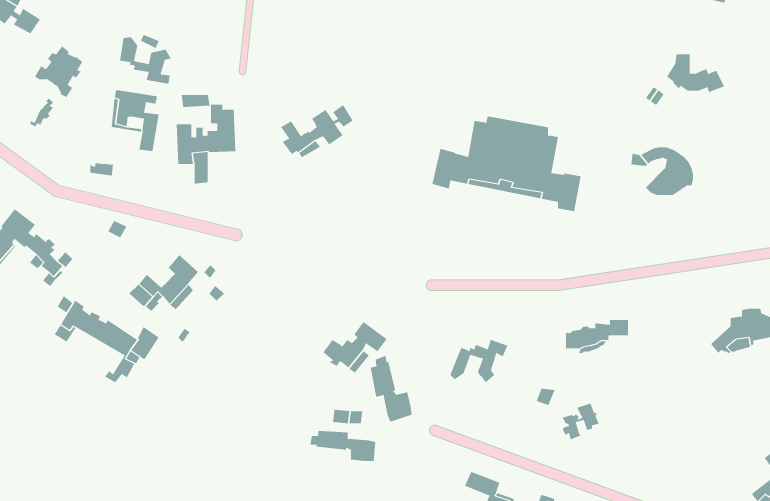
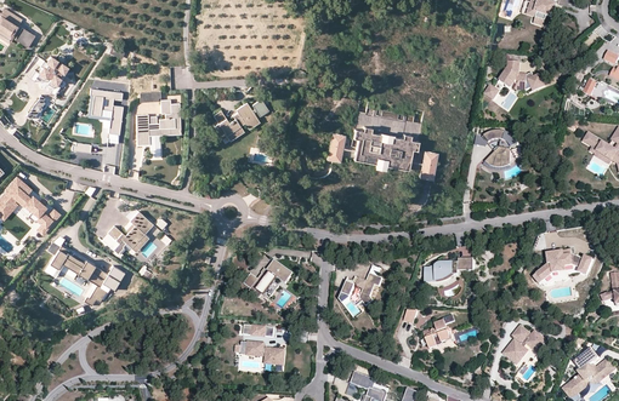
building: [120,36,172,85] -> none
building: [370,355,412,422] -> none
building: none -> [502,325,546,361]

